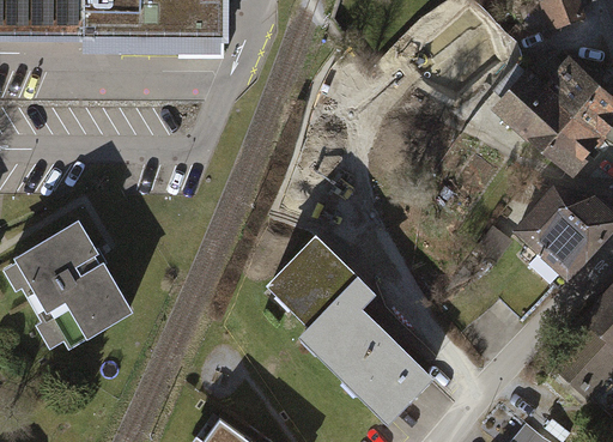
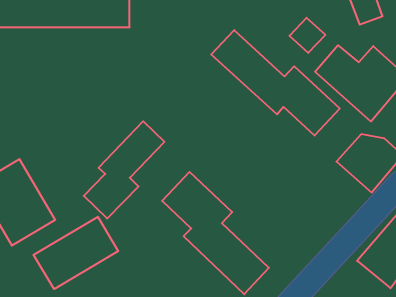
building: none -> [211,30,340,136]
building: none -> [84,121,164,219]
building: none -> [34,217,118,289]

